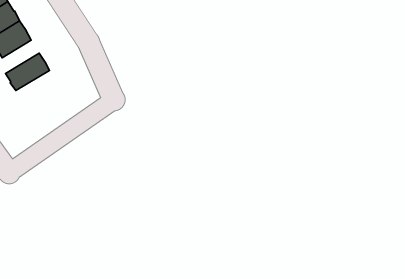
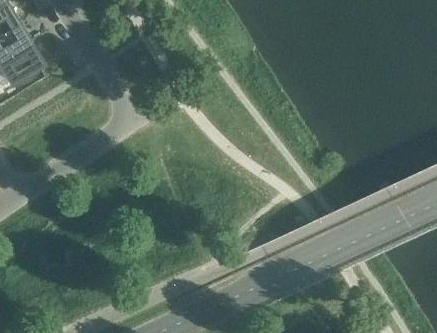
building: [6,53,49,91] -> none

